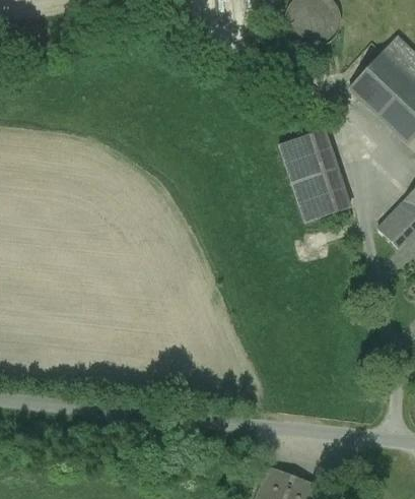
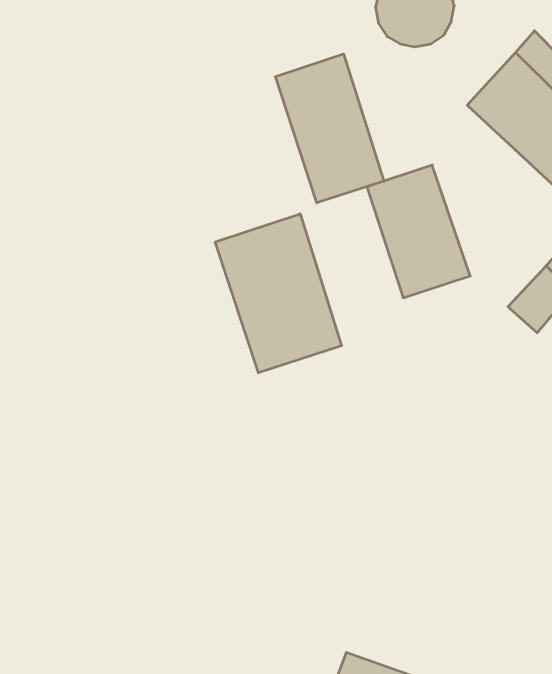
building: none -> [275,54,384,203]
building: none -> [215,214,342,373]

